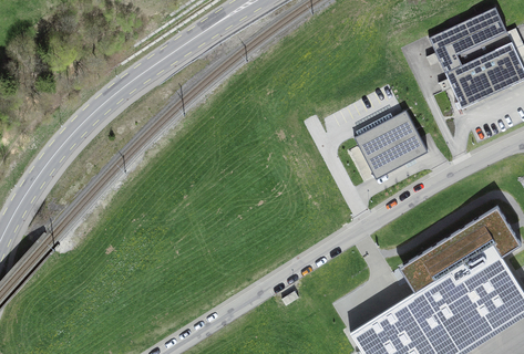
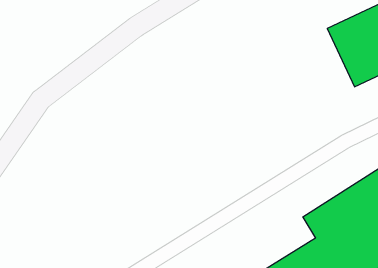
building: [349,111,429,184] -> none

